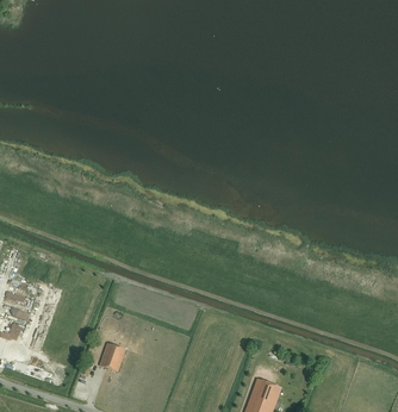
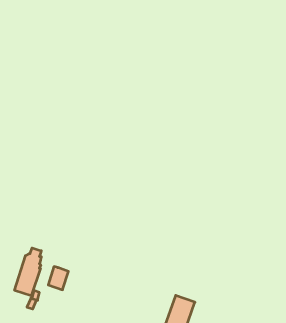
building: none -> [15,248,41,296]

